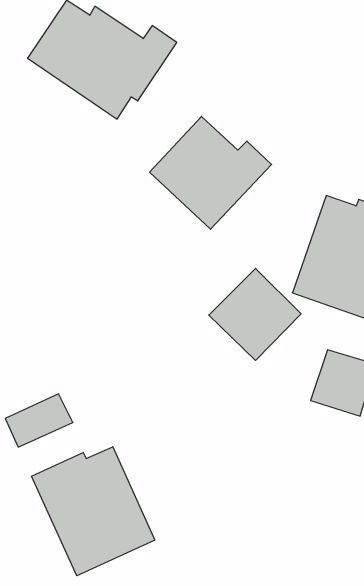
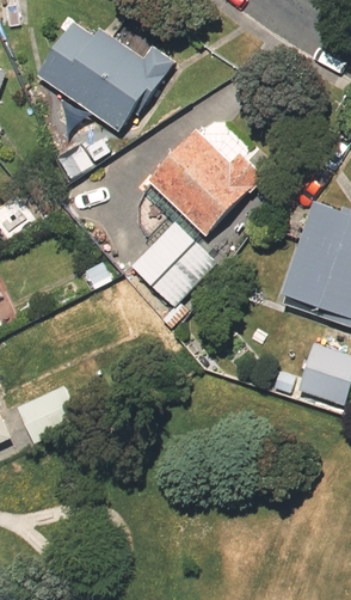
building: [209,268,301,360] -> [130,224,215,308]
building: [32,447,155,576] -> none

